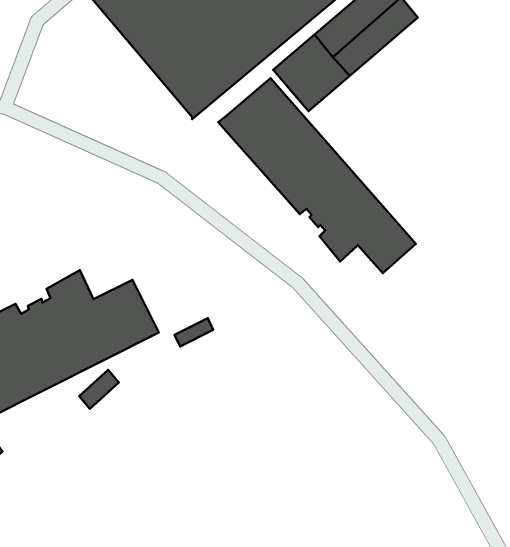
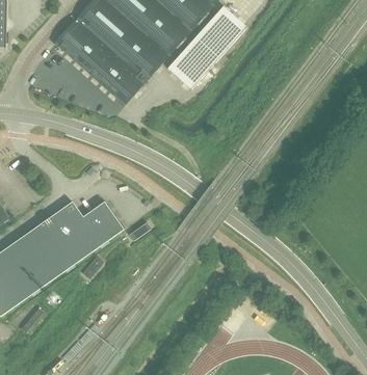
building: [218,78,416,273] -> none

